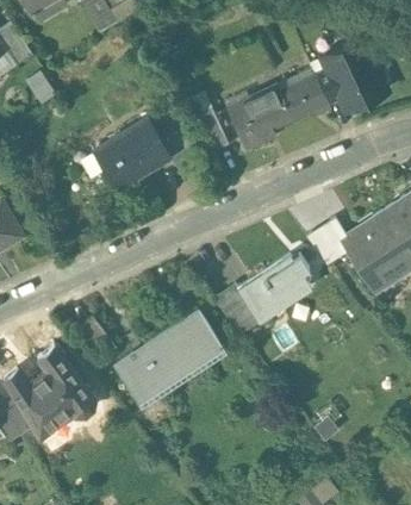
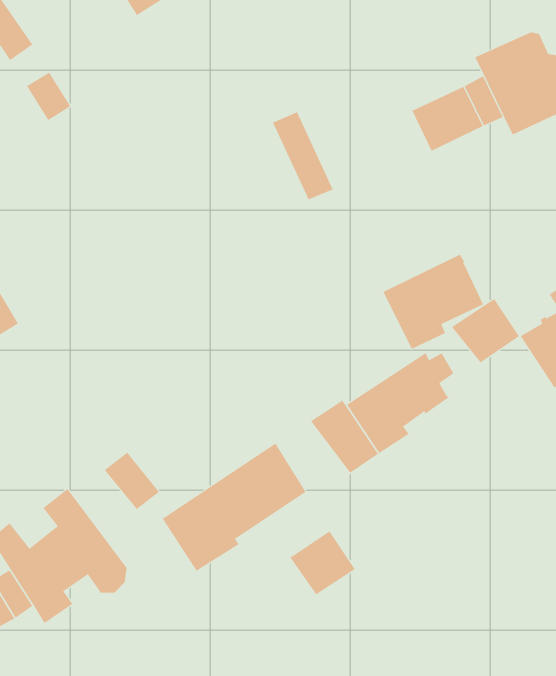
building: [226,89,293,152] -> [383,254,484,350]
building: [93,119,169,191] -> none
building: none -> [289,530,356,595]

